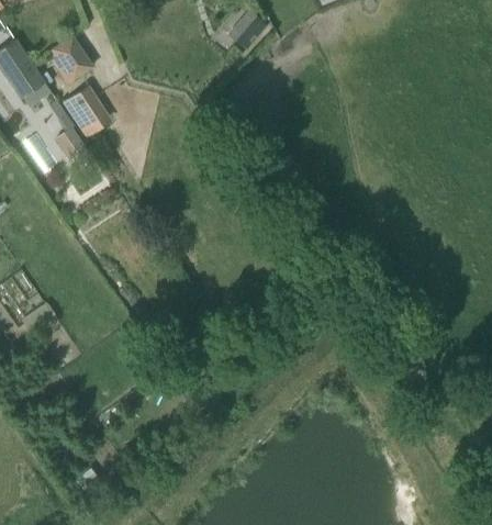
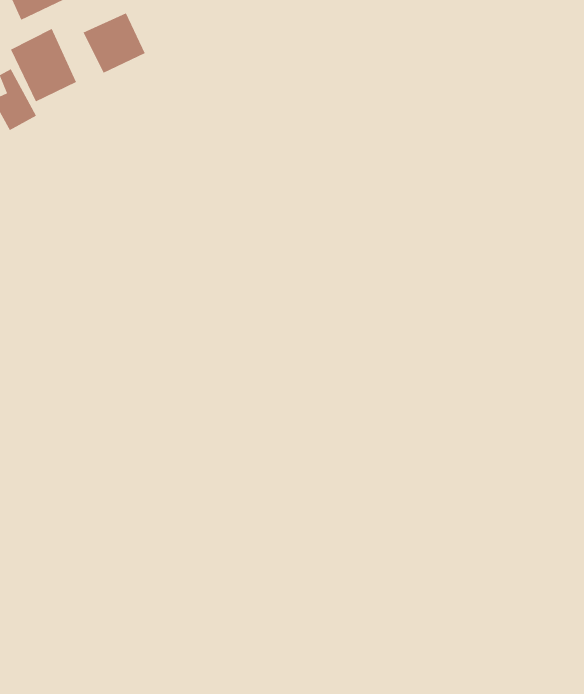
building: none -> [83,13,146,74]

